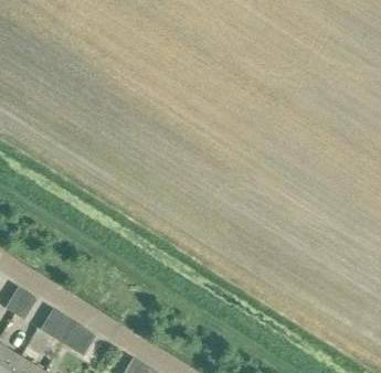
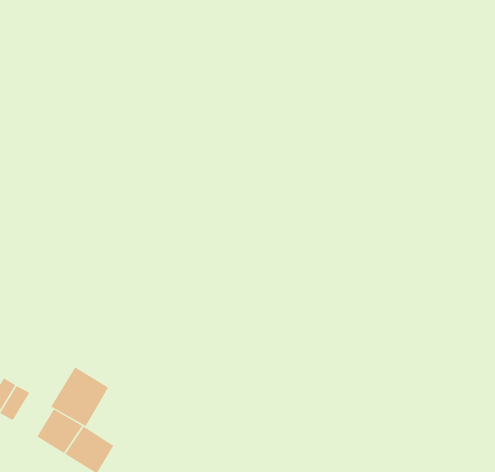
building: none -> [51,367,109,427]

